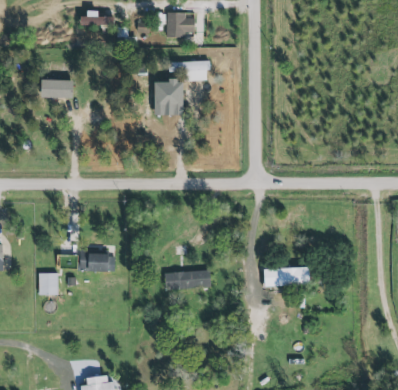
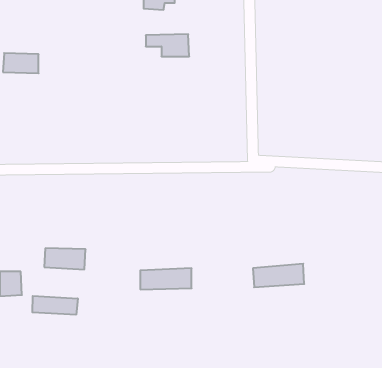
building: [153,79,182,114] -> none
building: none -> [32,296,78,315]

